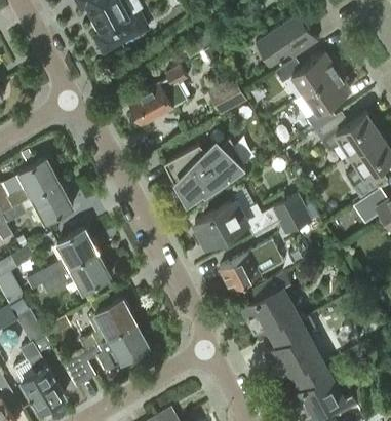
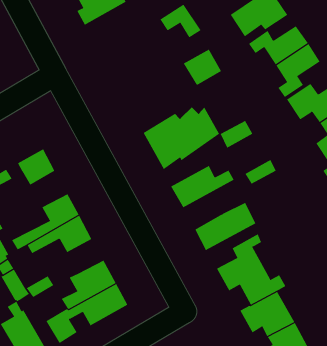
building: [128,66,188,126] -> none
building: [18,159,60,199] -> none
building: [278,207,313,237] -> [220,120,253,148]

